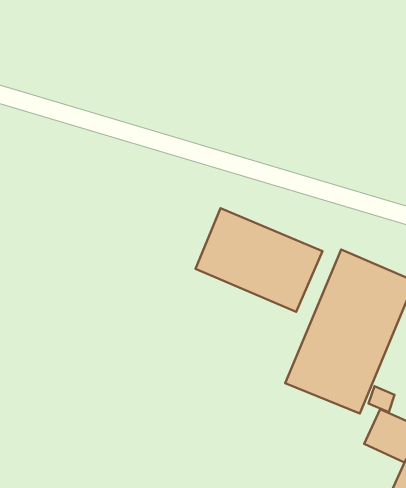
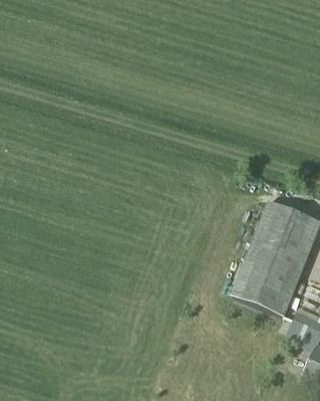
building: [196,208,323,312] -> none

